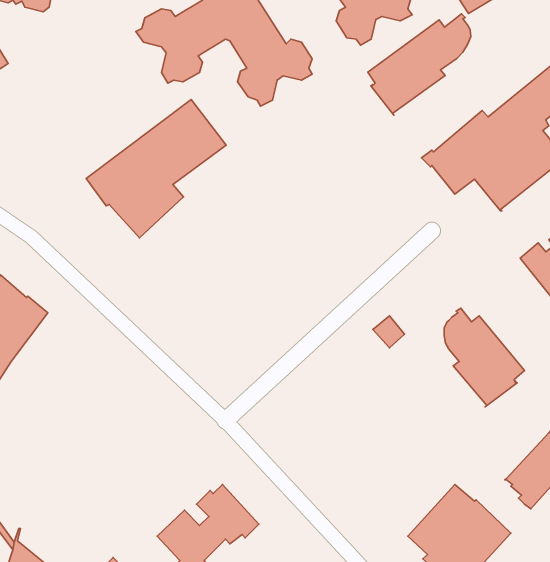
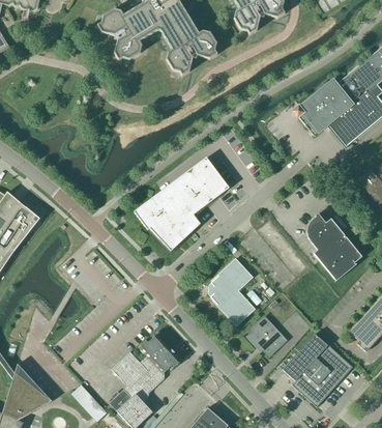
building: [368,14,471,115] -> none
building: [86,100,226,238] -> [135,158,230,252]
building: none -> [211,259,254,324]
building: none -> [247,317,287,355]

